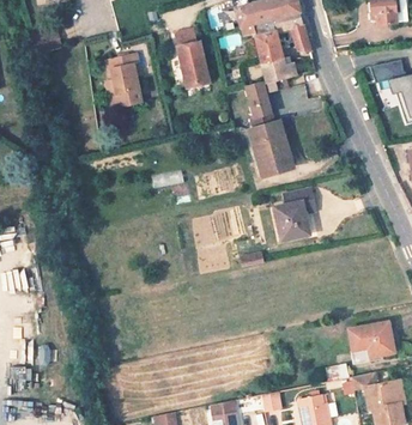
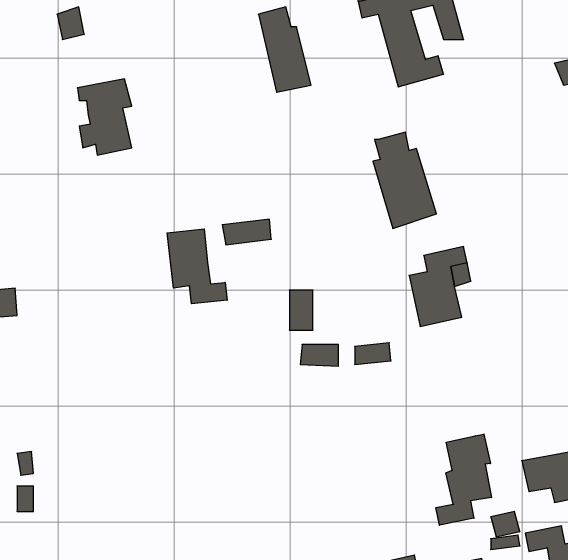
building: [105,55,141,105] -> [77,79,132,155]
building: [246,81,272,117] -> none
building: none -> [167,229,227,304]
building: none -> [436,434,491,525]

